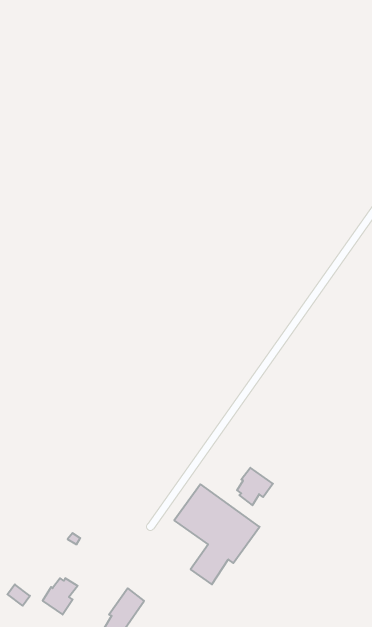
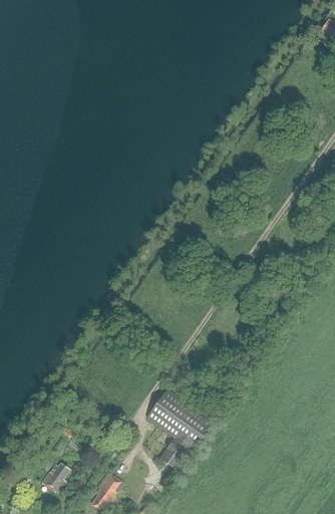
building: [237,468,273,505] -> none

